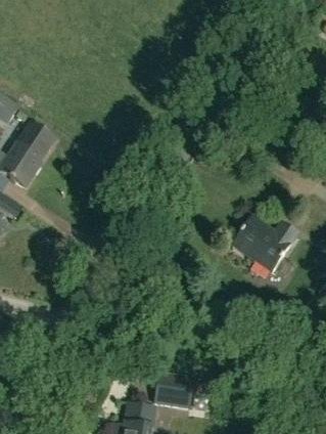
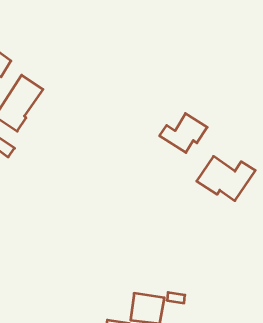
building: none -> [160,113,207,153]

